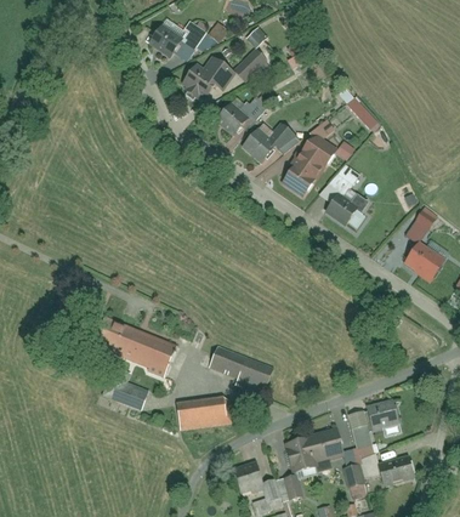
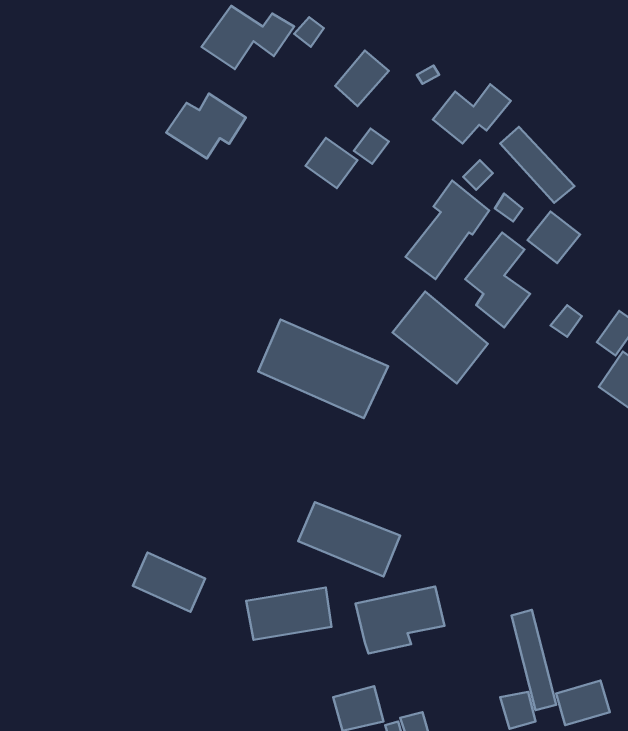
building: [181,58,233,101] -> [166,93,246,159]
building: [242,124,293,163] -> [433,84,511,144]
building: none -> [528,211,580,263]
building: none -> [393,292,488,383]
building: [93,312,178,376] -> [258,320,388,418]
building: [369,402,399,431] -> none
building: [284,431,342,475] -> [355,587,444,654]

